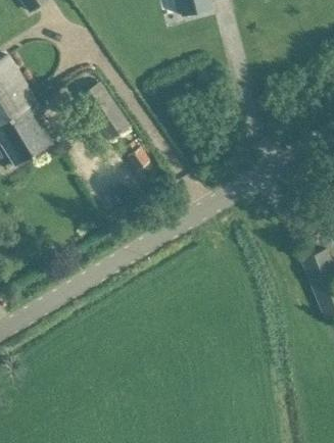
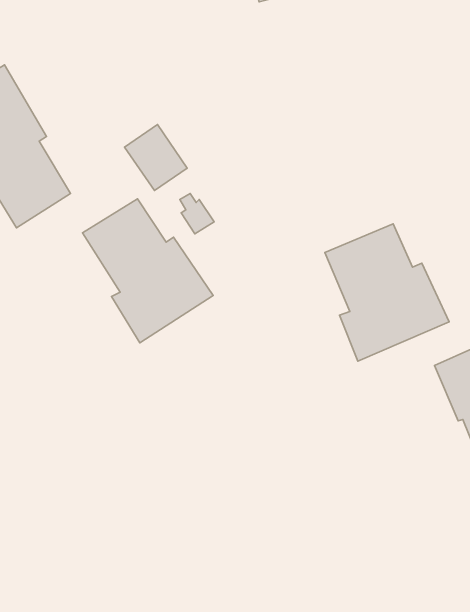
building: none -> [82,199,213,343]
building: none -> [325,224,449,361]

